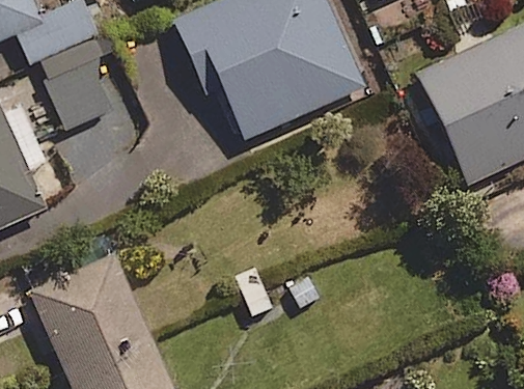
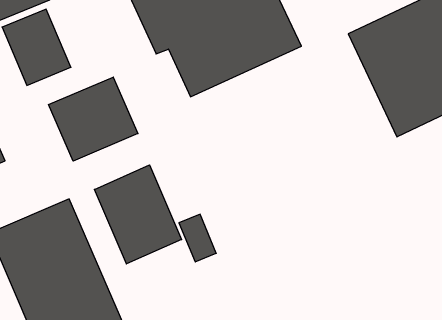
building: none -> [48,77,138,161]
building: none -> [94,165,182,264]

